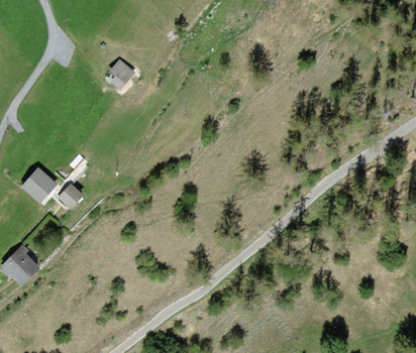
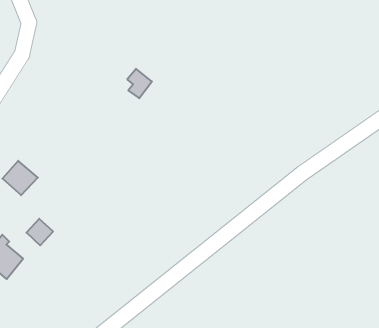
building: [109,60,134,90] -> [127,69,152,98]
building: [58,184,85,211] -> [26,219,53,245]

